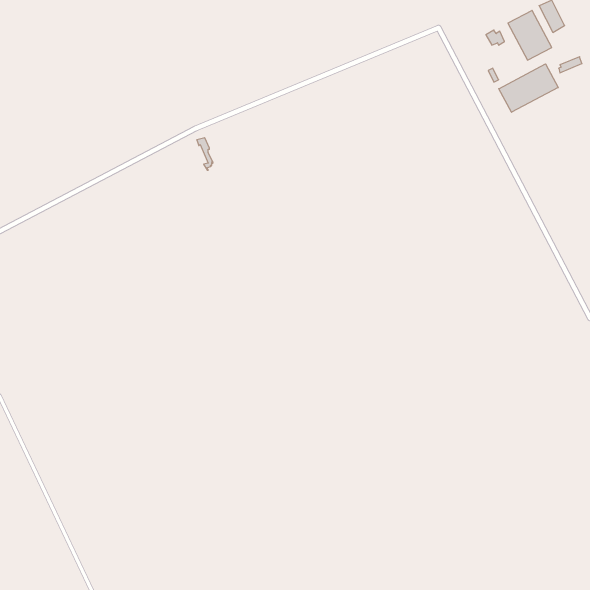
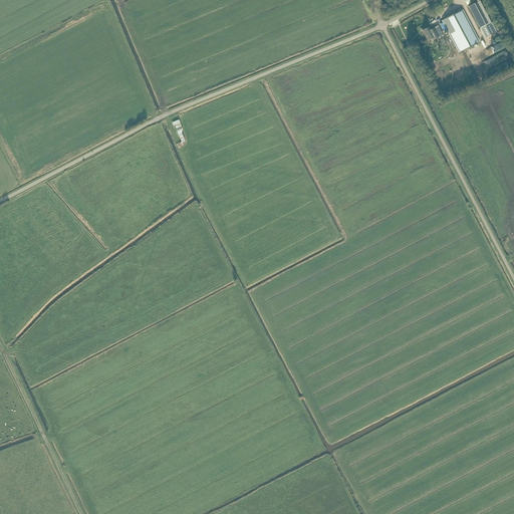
building: [499,64,558,112] -> none

